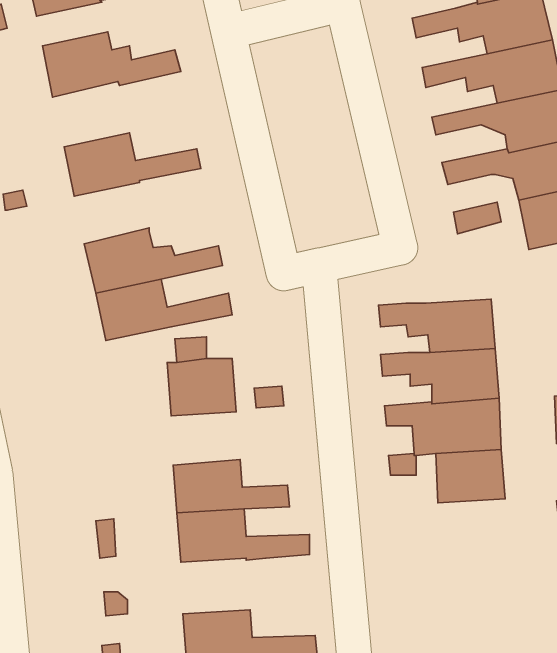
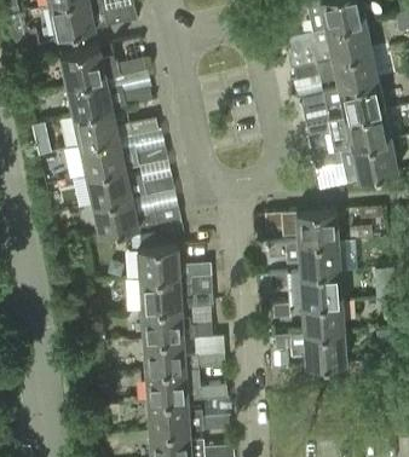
building: none -> [67,79,151,118]
building: none -> [80,140,165,178]
building: none -> [139,280,209,313]
building: none -> [273,334,345,368]
building: none -> [145,370,226,404]

